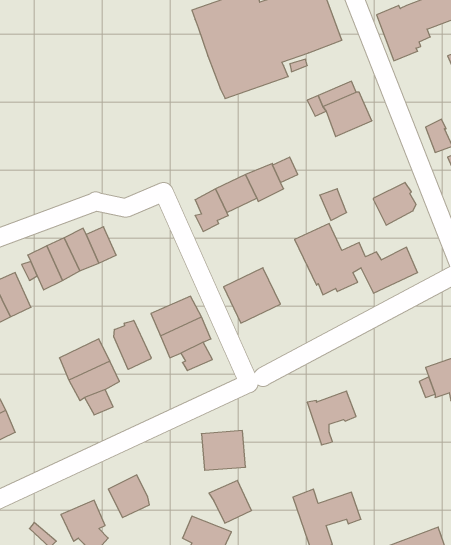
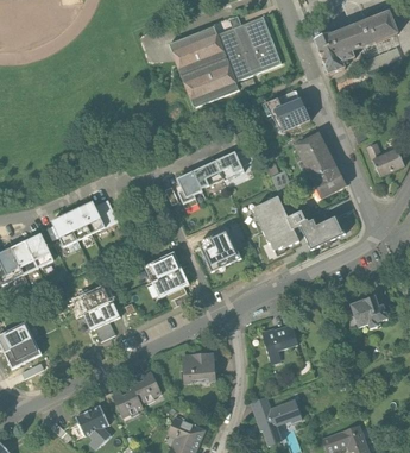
building: none -> [295,132,335,177]
building: [114,320,151,369] -> none
building: [209,480,252,523] -> [130,370,162,402]

